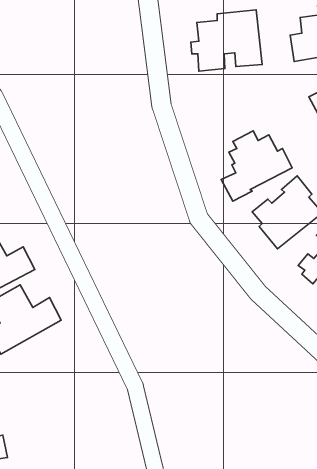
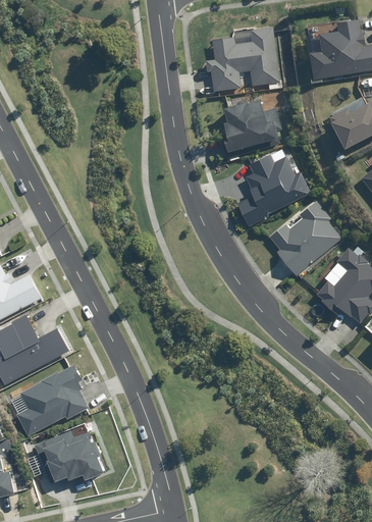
building: none -> [223,100,282,153]
building: none -> [15,365,89,436]
building: none -> [36,430,104,483]

